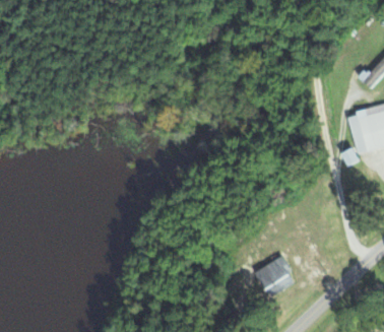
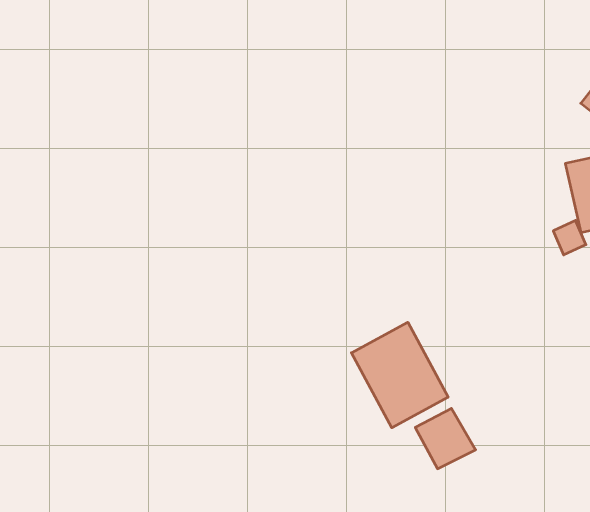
building: none -> [351,322,448,428]

